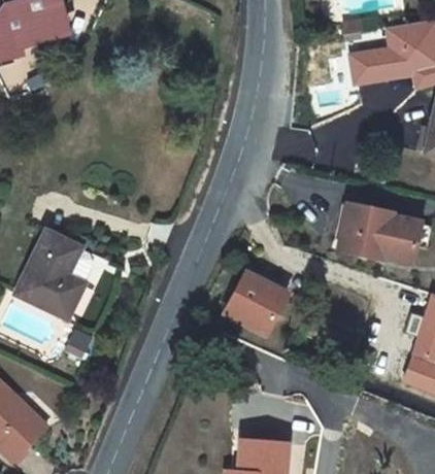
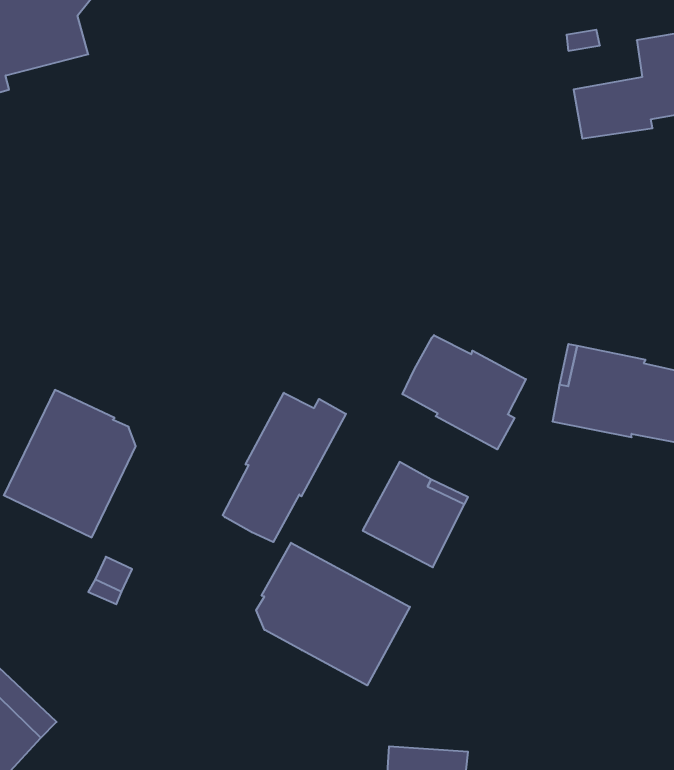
building: none -> [402,335,526,449]
building: none -> [223,393,346,542]
building: none -> [256,543,410,685]

